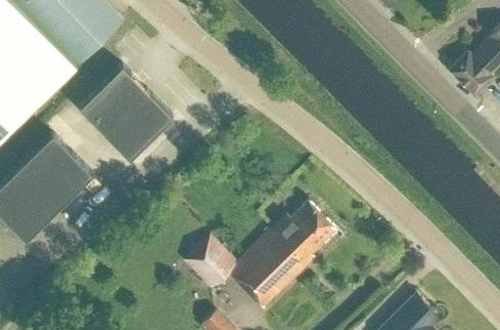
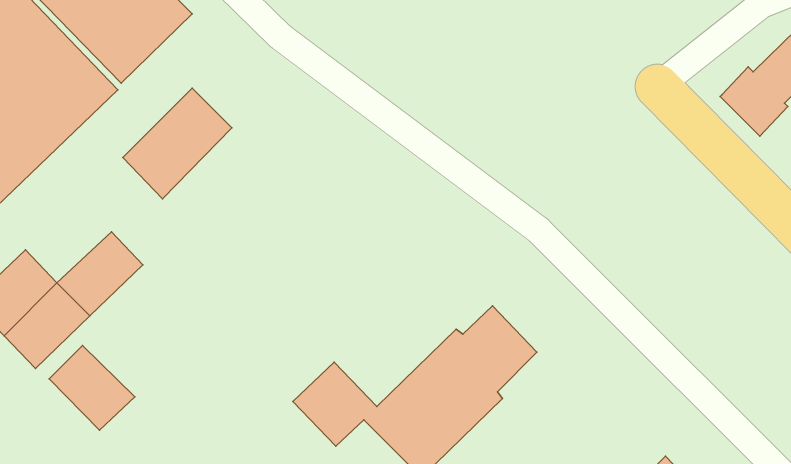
building: [103,89,172,158] -> none
building: [18,132,72,185] -> none
building: none -> [49,345,135,430]

